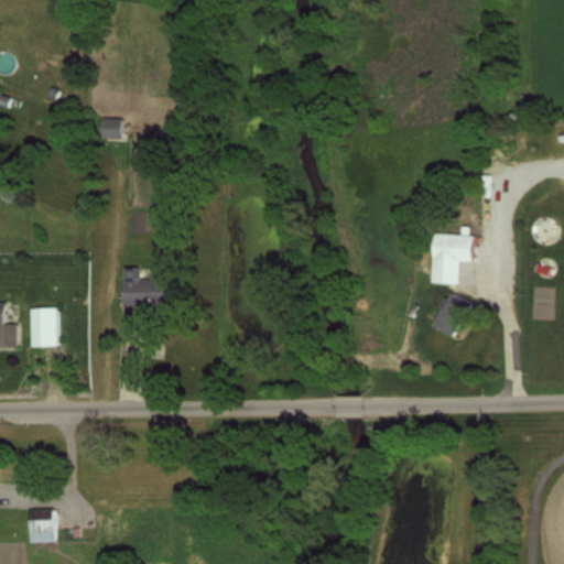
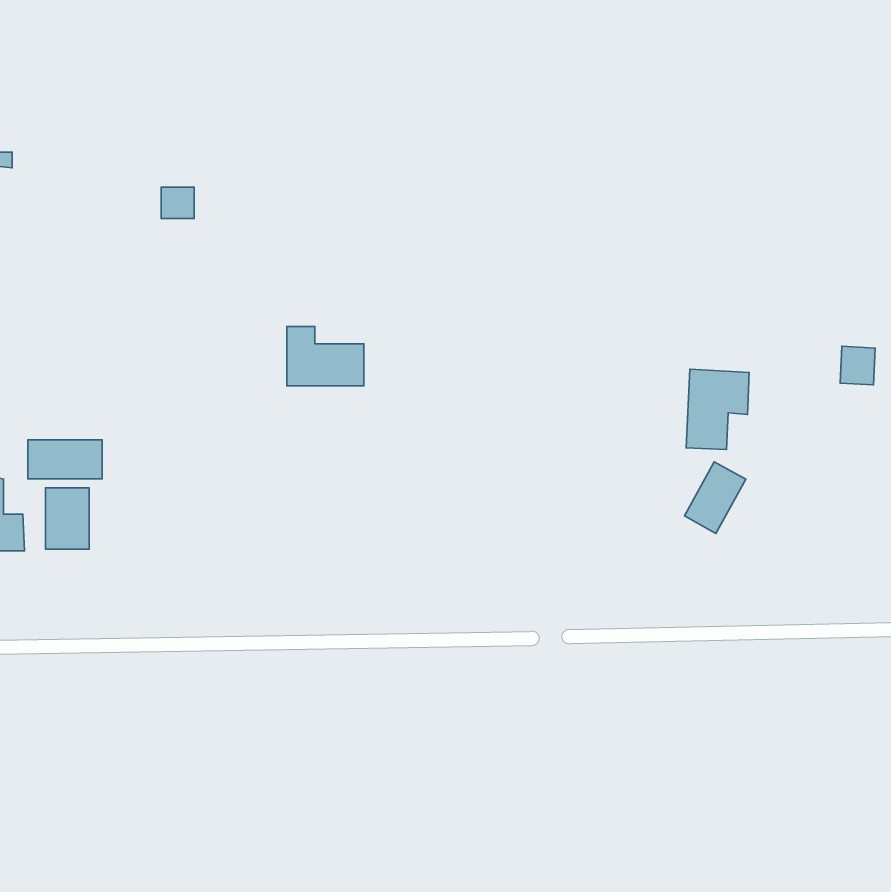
building: [122,268,171,305] -> [287,326,364,386]
building: none -> [28,440,102,479]
building: [26,509,53,543] -> none

